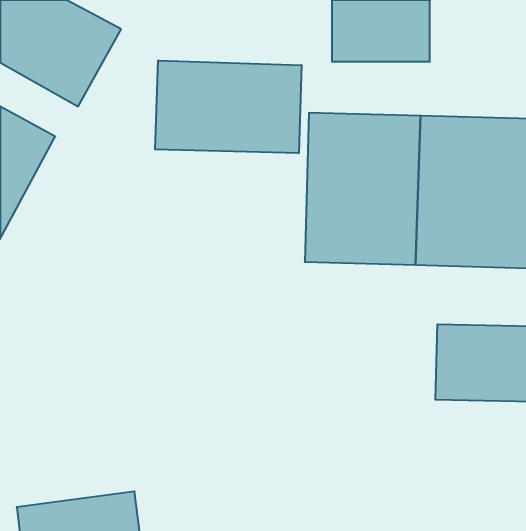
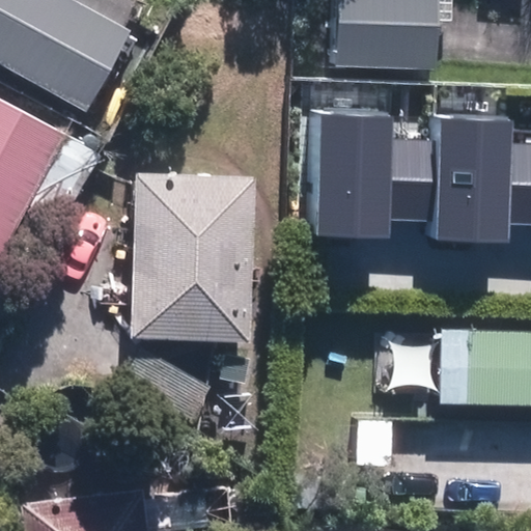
building: [155,60,302,153] -> none
building: none -> [132,172,252,335]

